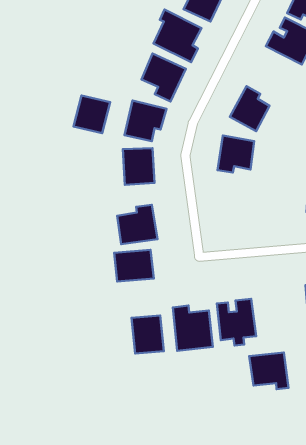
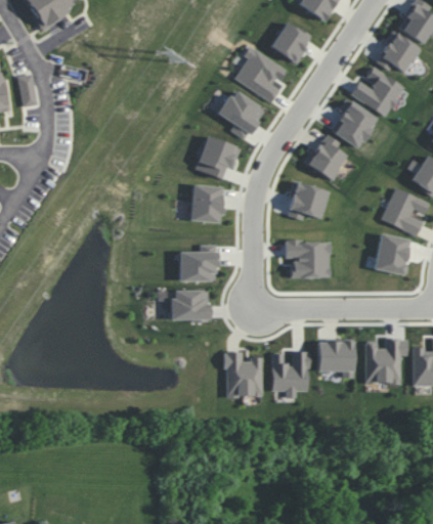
building: none -> [332,98,378,148]
building: [73,95,110,133] -> none
building: none -> [285,241,330,277]
building: [131,315,164,353] -> none
building: [249,353,288,389] -> [316,341,353,378]

